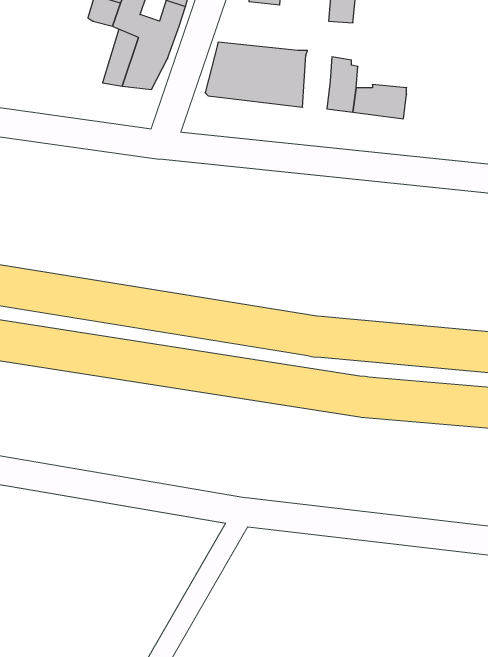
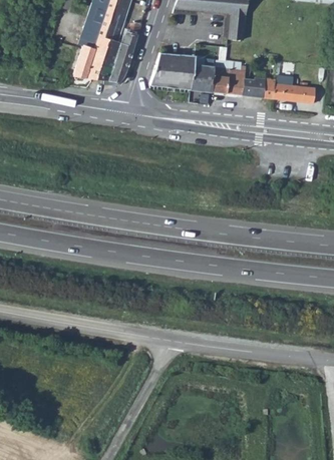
building: none -> [72,38,99,76]
building: none -> [213,59,231,92]
building: none -> [275,75,317,102]

